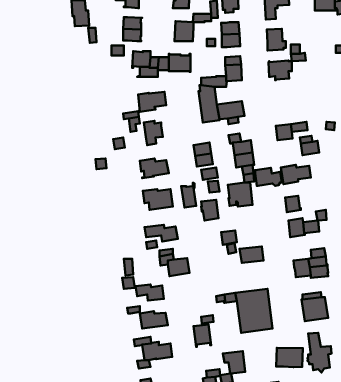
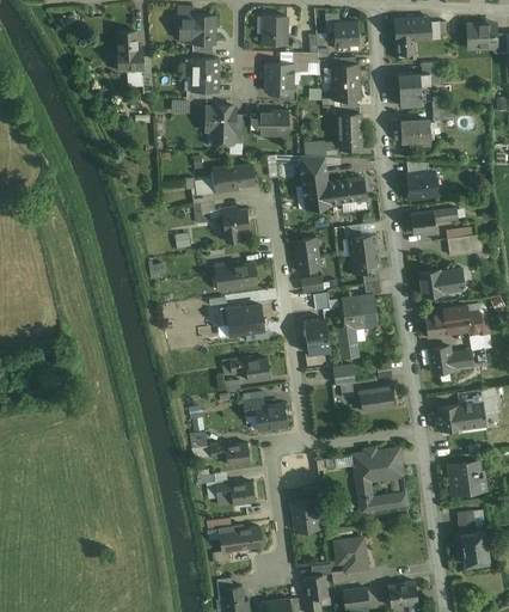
building: none -> [407,172,436,200]
building: [255,168,282,186] -> [443,306,482,332]
building: [181,183,196,208] -> [337,323,358,359]
building: [276,348,303,367] -> none

